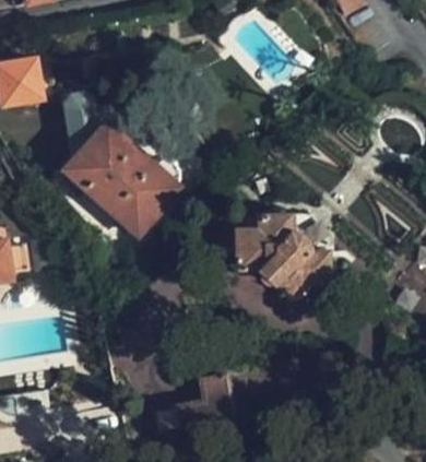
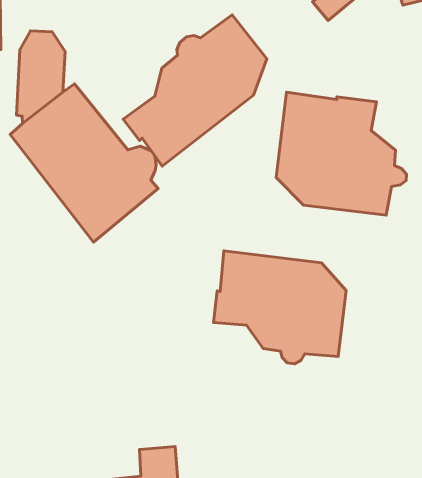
building: none -> [123,15,267,166]
building: none -> [276,92,407,215]

